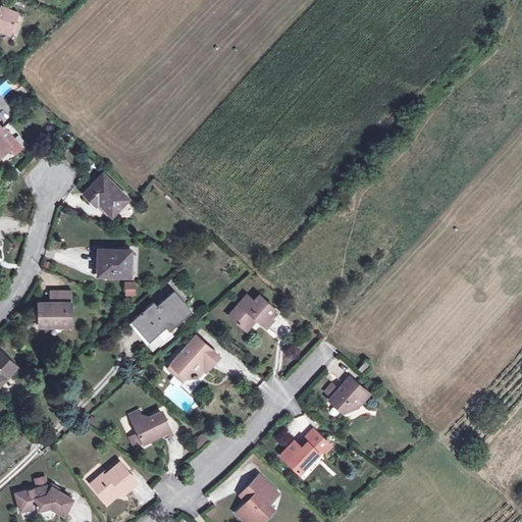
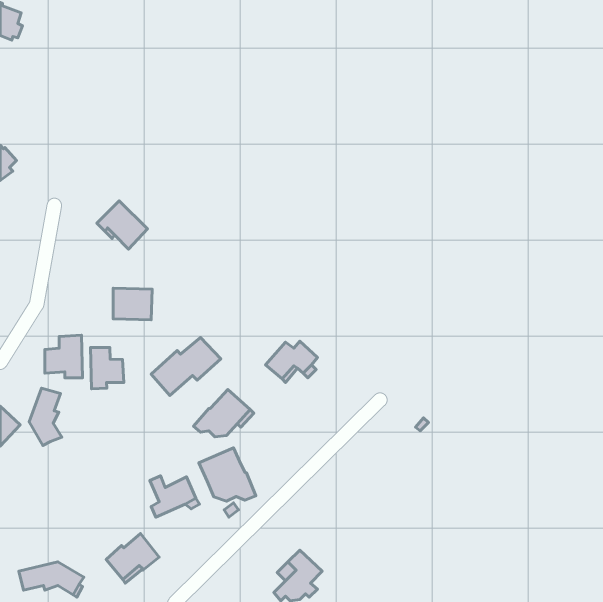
building: none -> [90,348,124,389]
building: none -> [29,388,62,445]
building: [325,377,370,413] -> none
building: none -> [199,448,256,501]
building: [281,429,331,473] -> none

